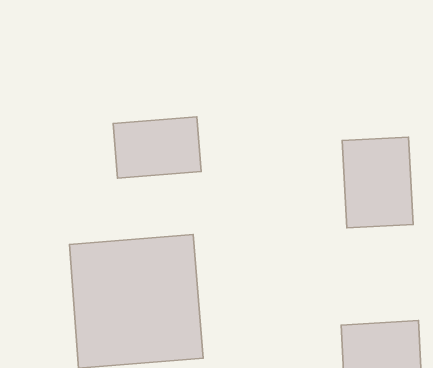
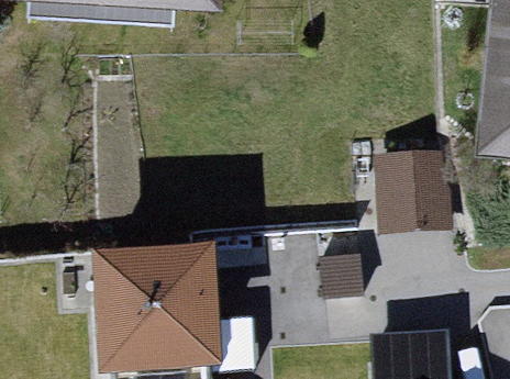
building: [113,117,201,178] -> none

